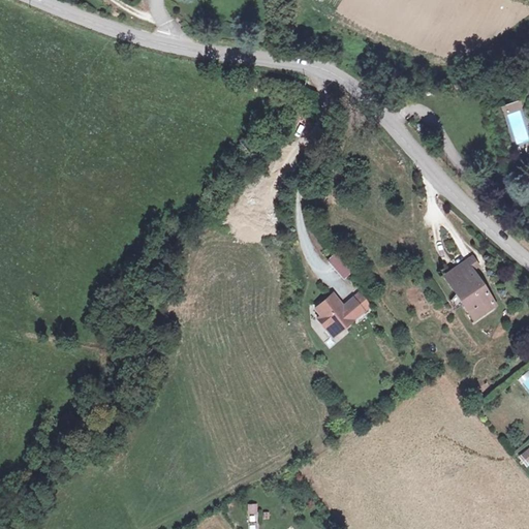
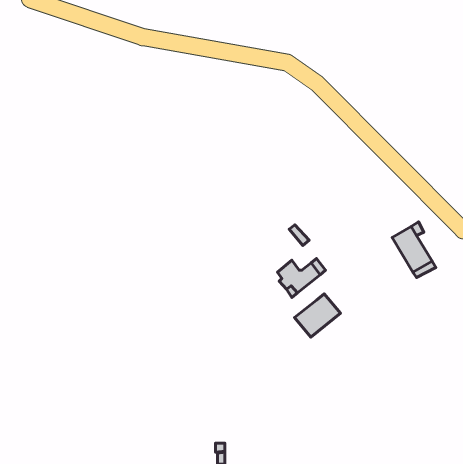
building: none -> [295,294,341,337]

